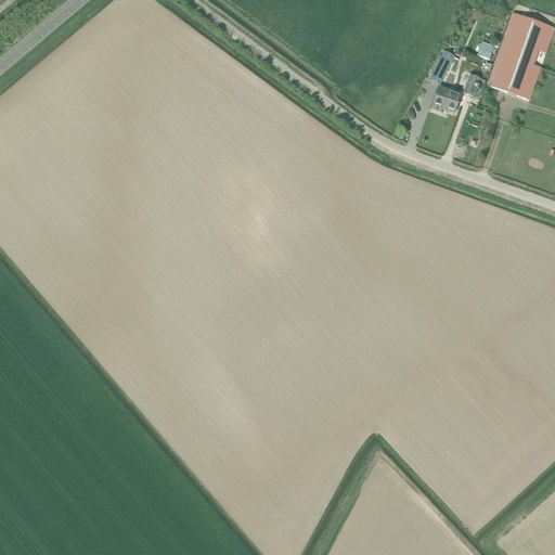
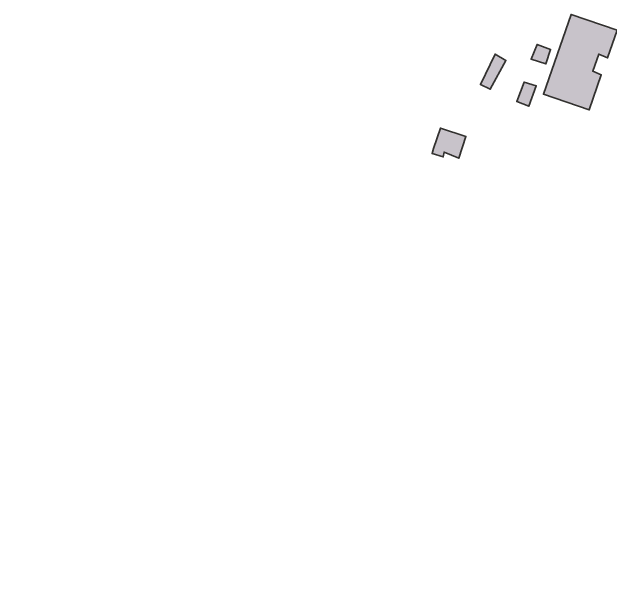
building: [431,85,462,112] -> [432,128,466,158]

